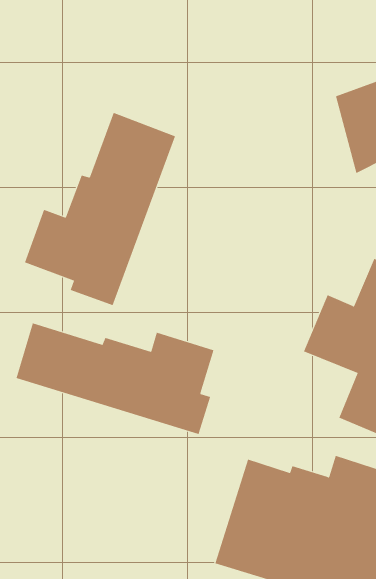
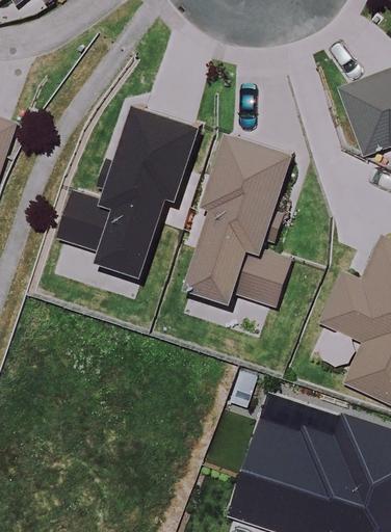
building: none -> [189,135,298,312]
building: [16,322,214,435] -> none

